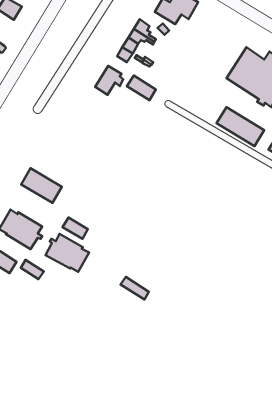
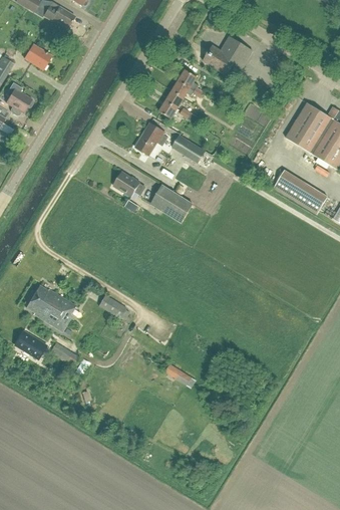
building: none -> [113,171,145,196]
building: none -> [150,183,193,220]
building: [21,168,62,203] -> none
building: [46,234,89,272] -> none

